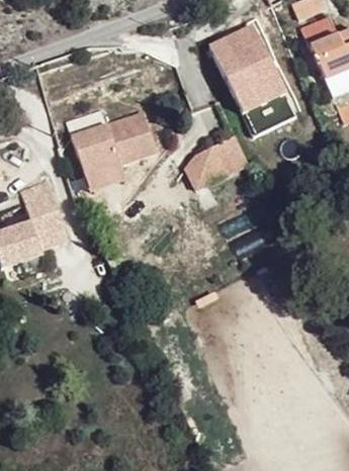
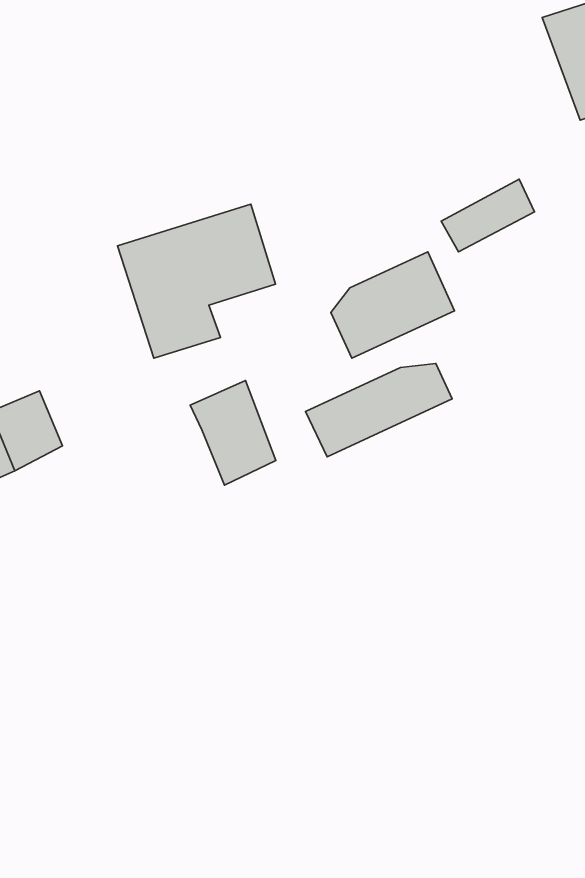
building: [208,23,287,114] -> none
building: [24,184,70,240] -> [190,380,276,485]
building: none -> [305,364,452,457]

